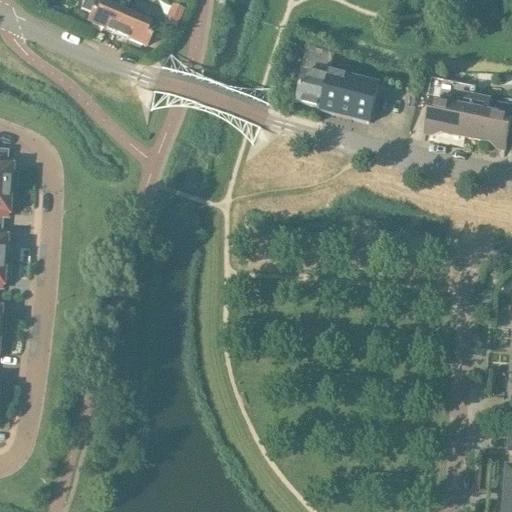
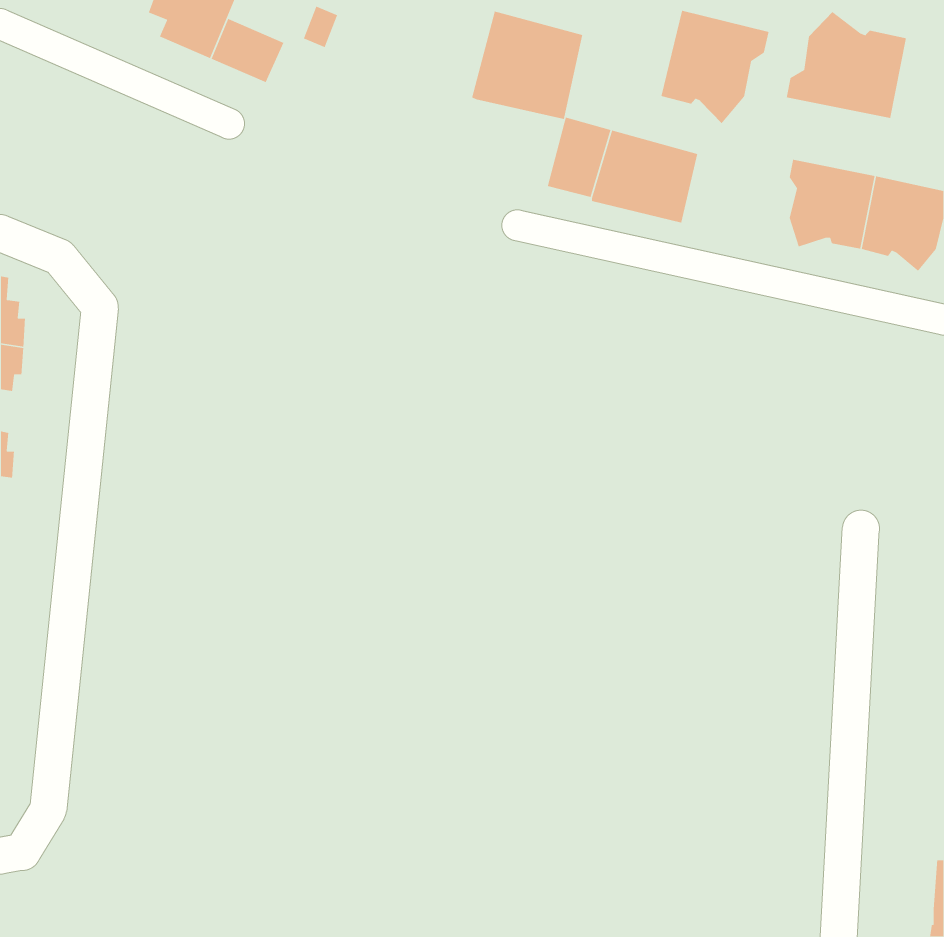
building: none -> [660,10,770,124]
building: none -> [471,10,583,120]
building: none -> [786,11,907,119]

